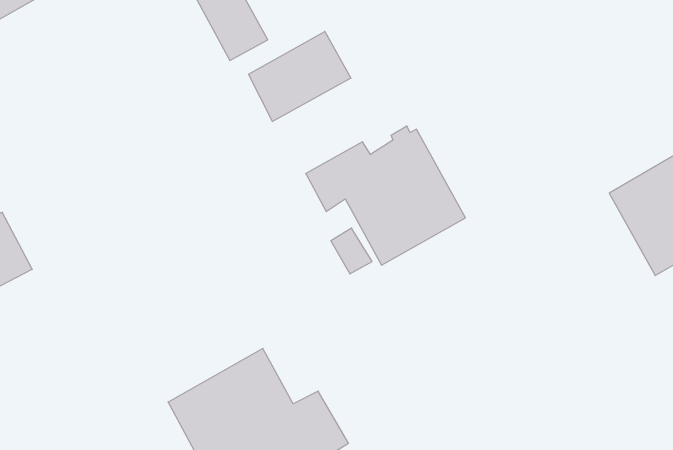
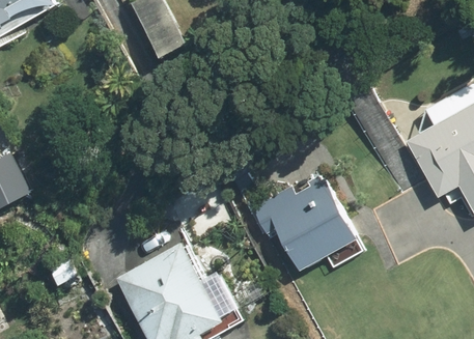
building: [249,31,351,121] -> none
building: [306,126,465,265] -> [251,178,356,270]

